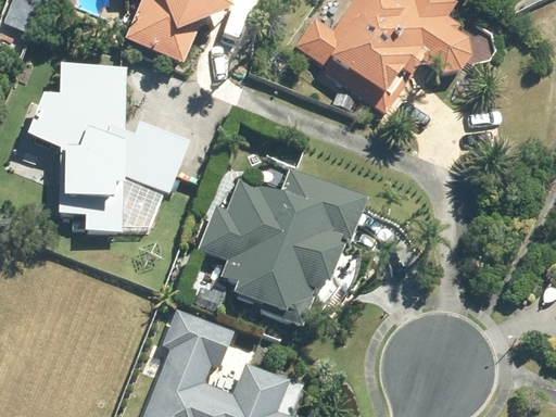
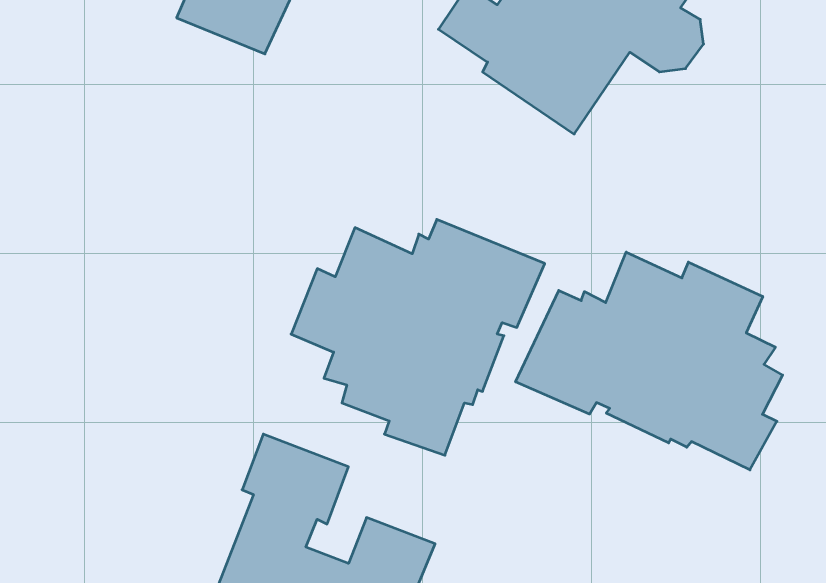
building: [25,62,187,229] -> none
building: none -> [516,252,783,470]

